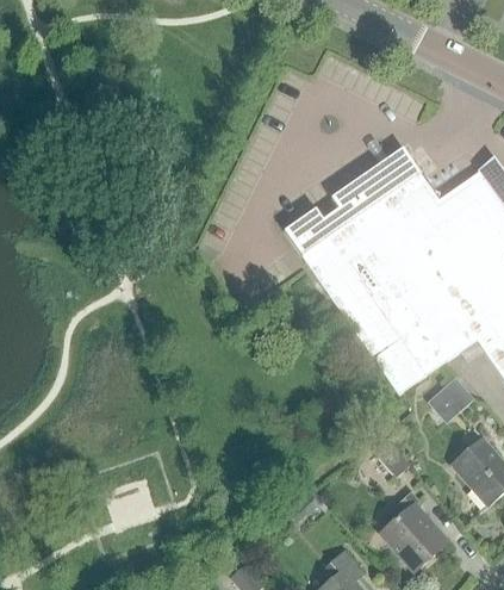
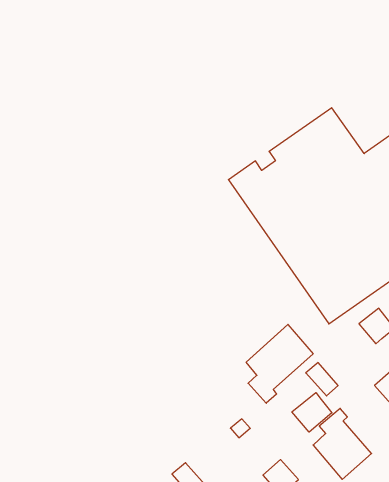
building: none -> [246,324,313,403]
building: none -> [292,393,332,432]

